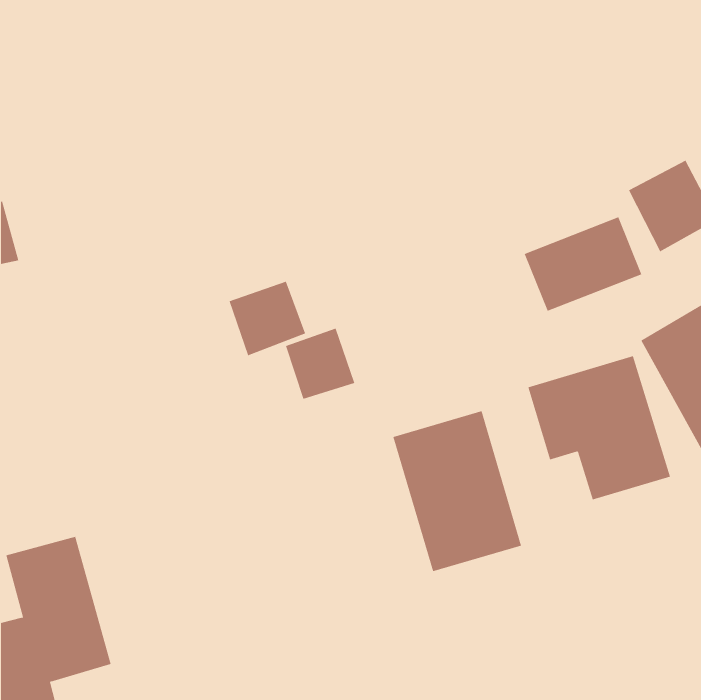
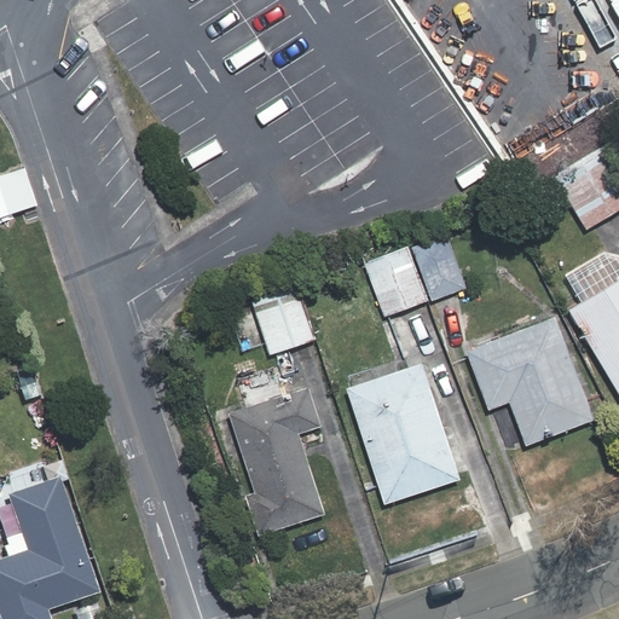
building: [524,217,642,312] -> [361,237,465,320]
building: [229,281,306,356] -> none
building: none -> [222,384,323,534]

